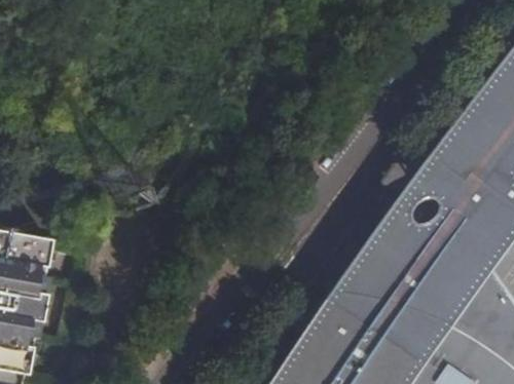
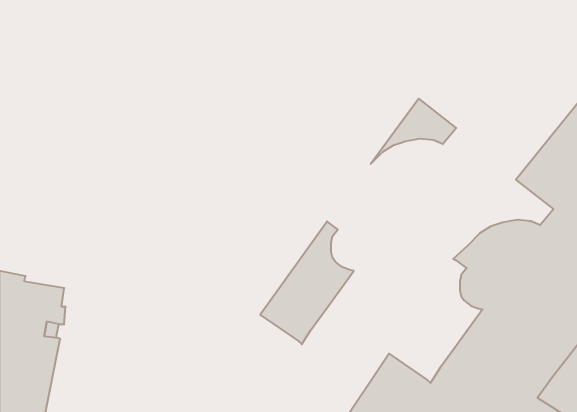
building: [377,170,443,221] -> [371,99,456,164]
building: [317,232,389,327] -> [260,221,354,344]

